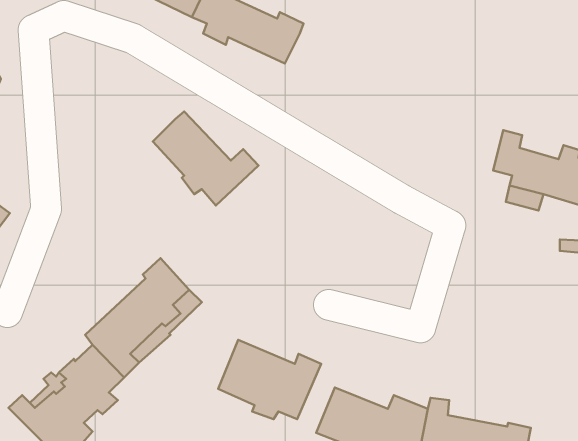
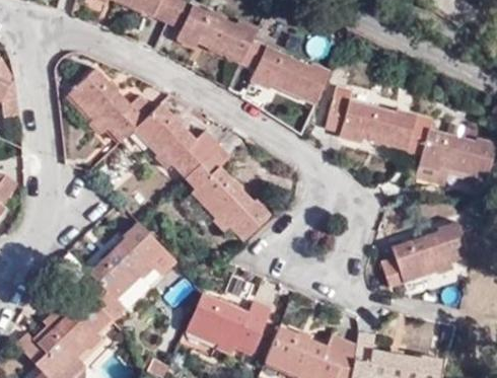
building: none -> [240,40,330,104]
building: none -> [71,69,152,139]
building: none -> [325,91,417,150]
building: none -> [185,146,269,238]
building: none -> [383,218,469,280]

